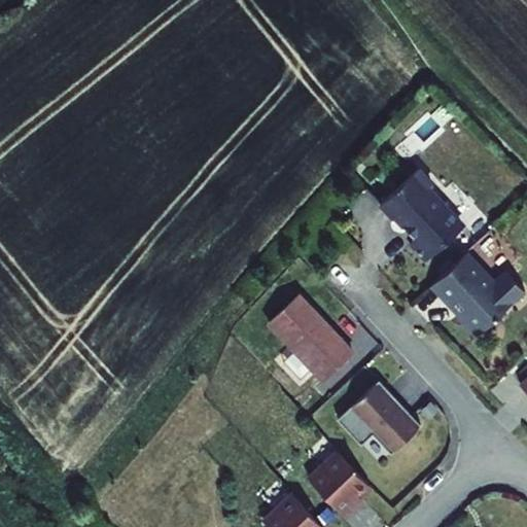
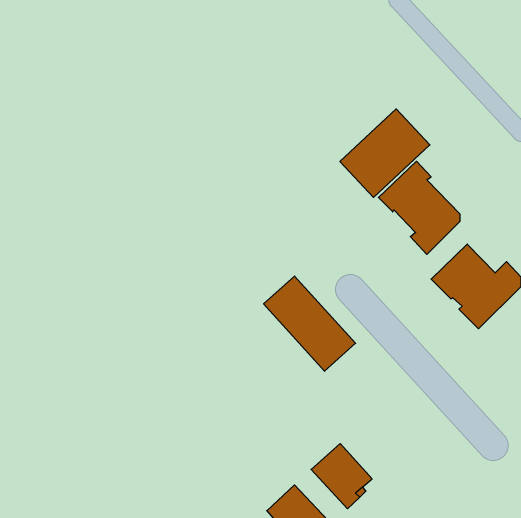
building: none -> [340,109,430,197]
building: [332,391,413,461] -> none

